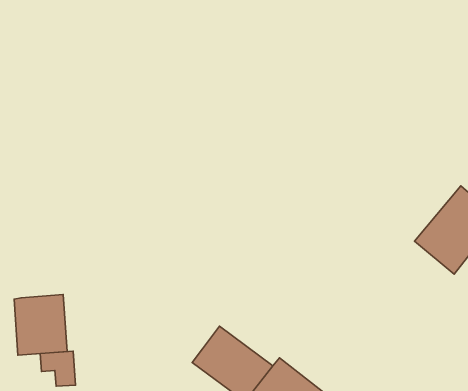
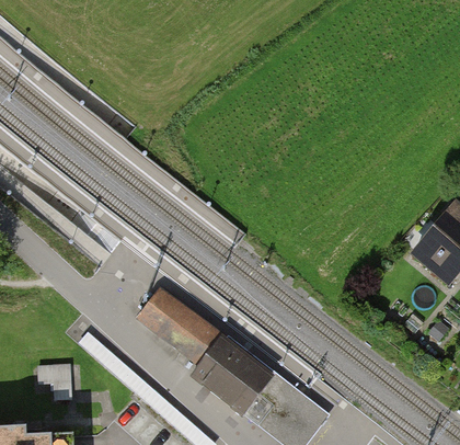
building: none -> [139,292,218,361]
building: [14,294,67,355] -> none

